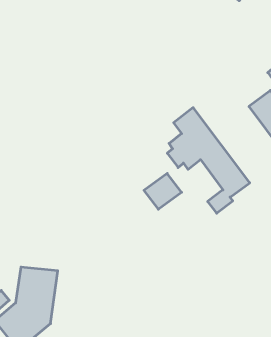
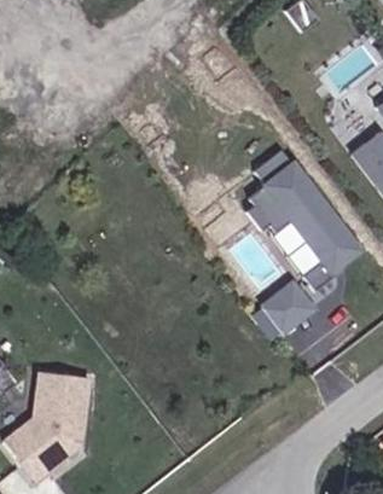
building: [144,173,182,209] -> [254,287,304,336]

